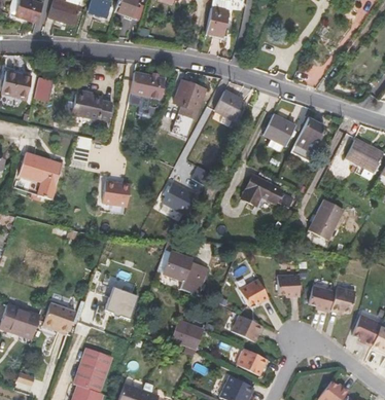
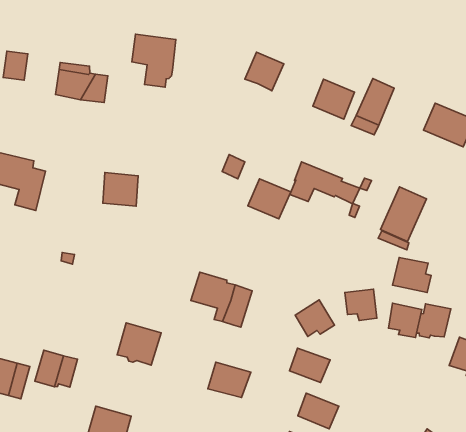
building: [174,80,206,118] -> none
building: [162,182,195,213] -> [248,179,291,219]
building: none -> [393,257,431,292]

